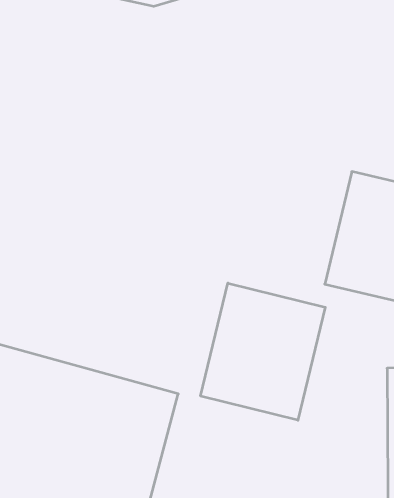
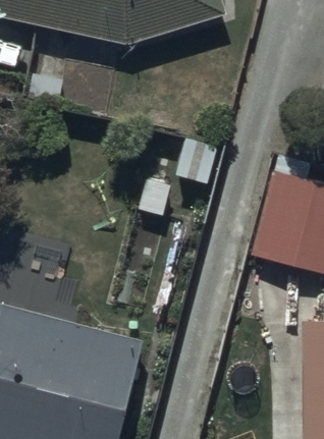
building: [201,283,325,420] -> none

